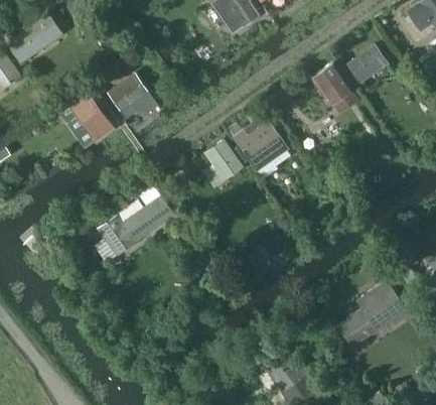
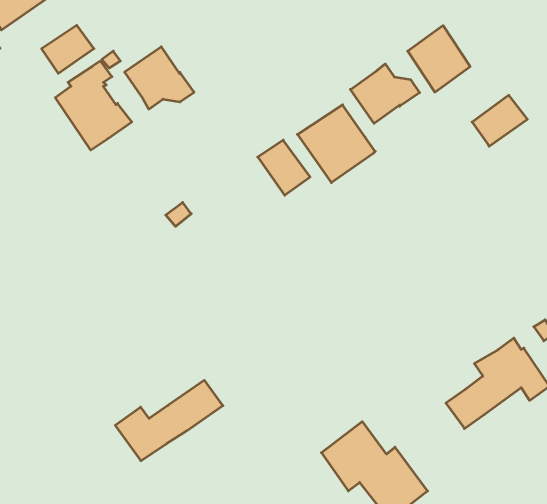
building: [348,46,388,83] -> [472,95,527,146]
building: none -> [42,25,94,73]
building: none -> [350,64,420,123]
building: [97,197,173,255] -> [115,380,223,461]

